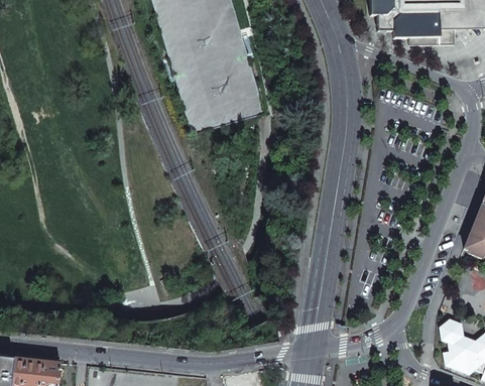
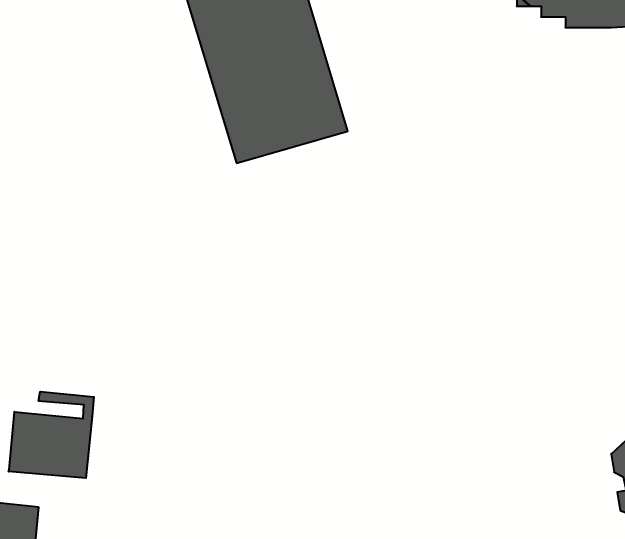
building: none -> [9,392,94,478]

